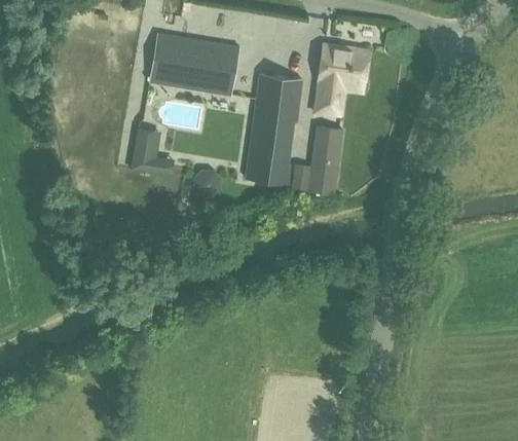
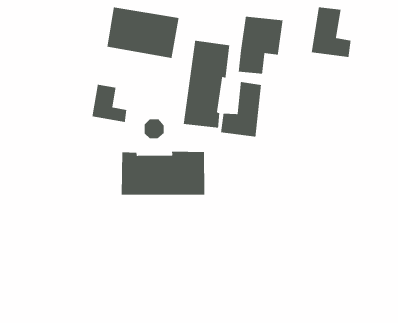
building: none -> [311,6,352,58]
building: none -> [121,151,205,195]

